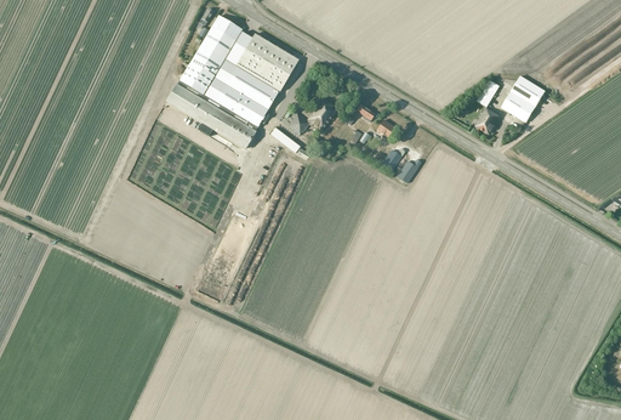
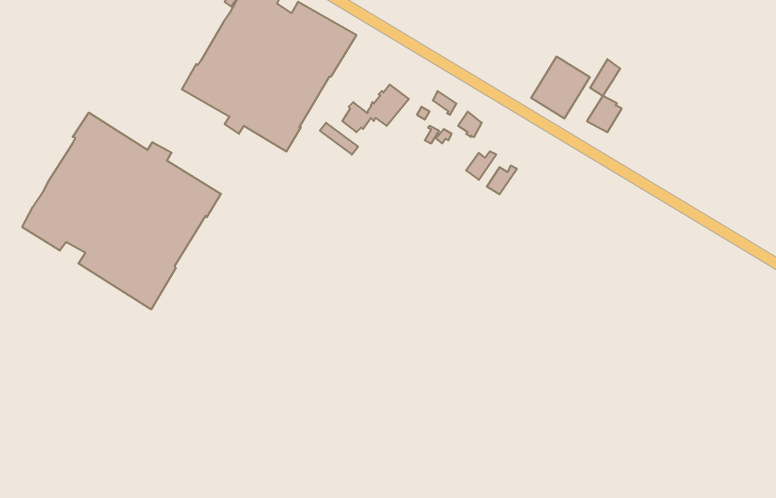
building: [501,74,546,121] -> [531,57,590,119]
building: none -> [22,113,221,309]

